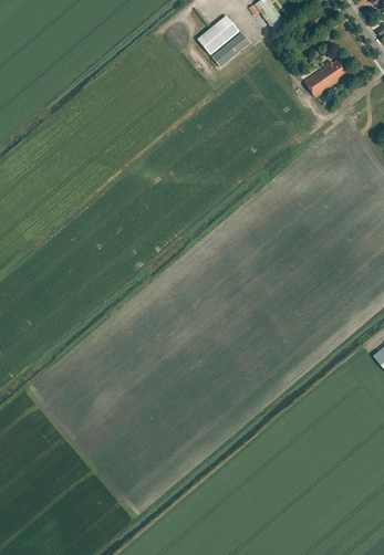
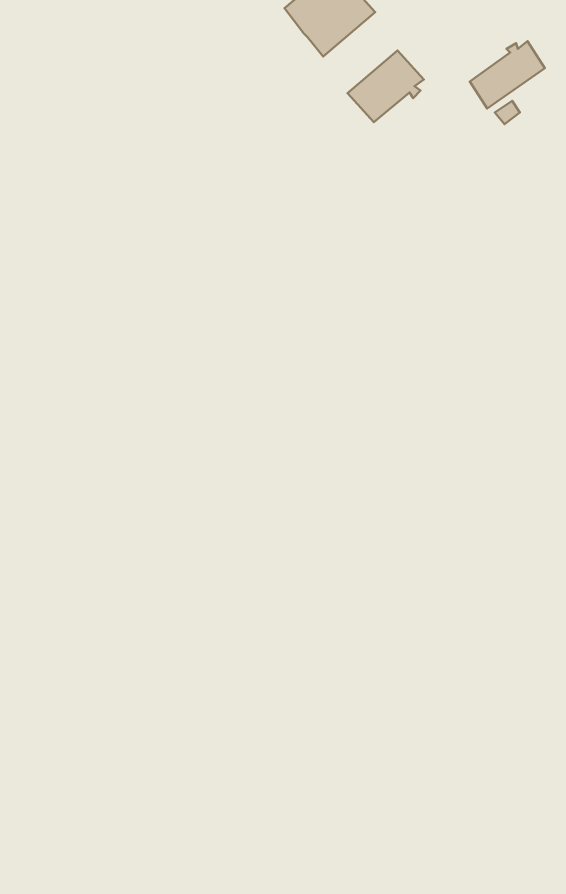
building: none -> [348,51,424,122]

